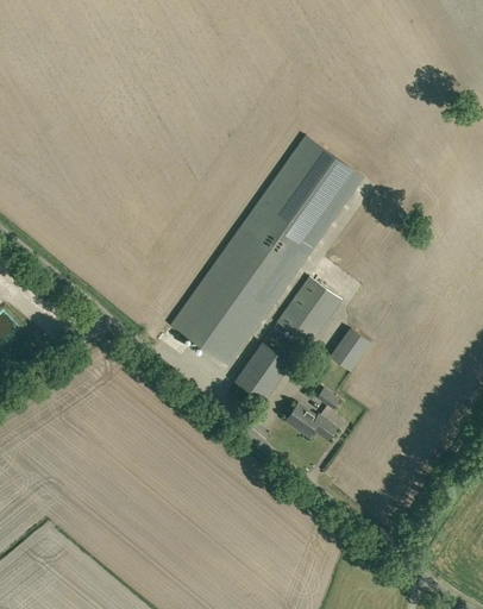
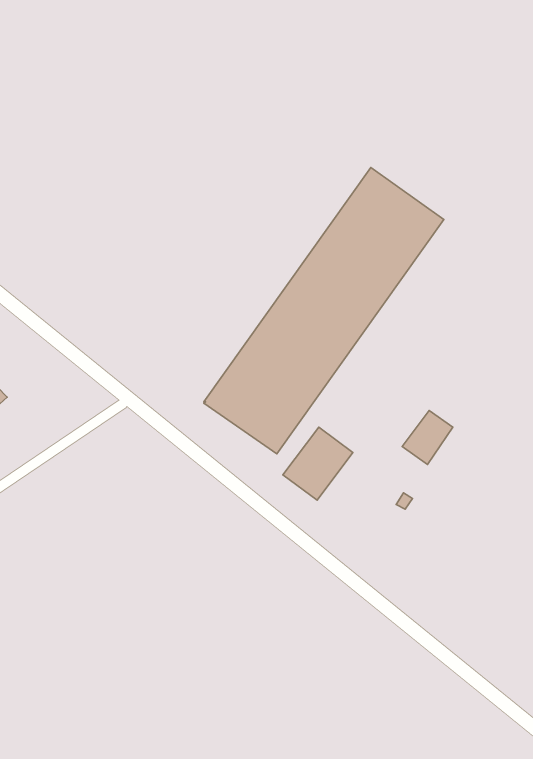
building: [276,276,340,345] -> none
building: [284,404,337,441] -> none

